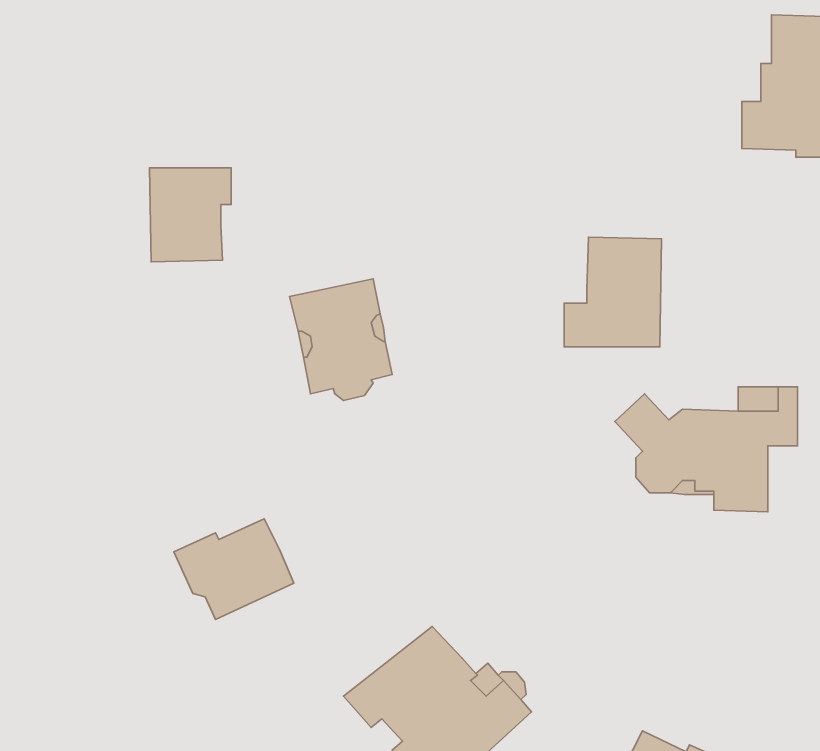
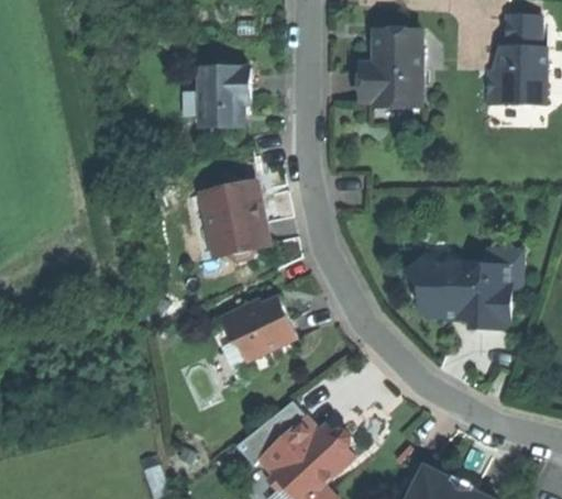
building: [149,168,231,262] -> [197,66,249,125]
building: [564,237,662,347] -> [360,29,421,98]
building: [174,519,294,620] -> [220,296,296,359]

